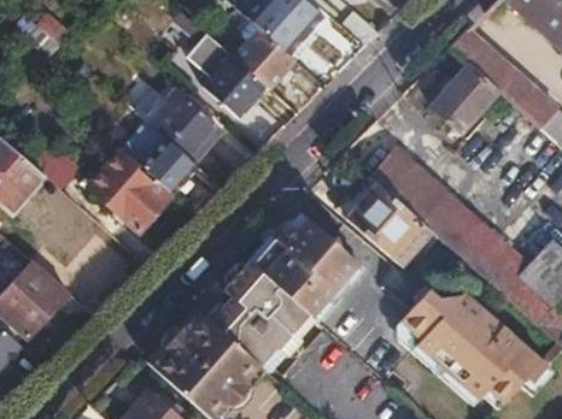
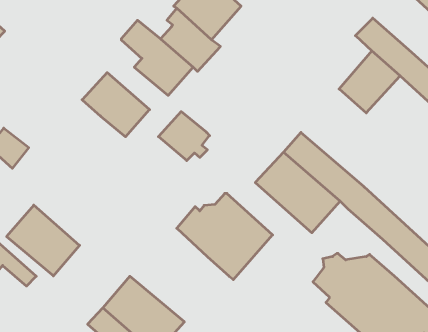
building: [141,137,198,191] -> [158,112,210,161]
building: [87,151,168,229] -> [7,205,80,276]
building: [189,261,309,365] -> none

